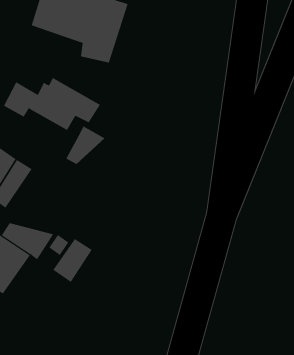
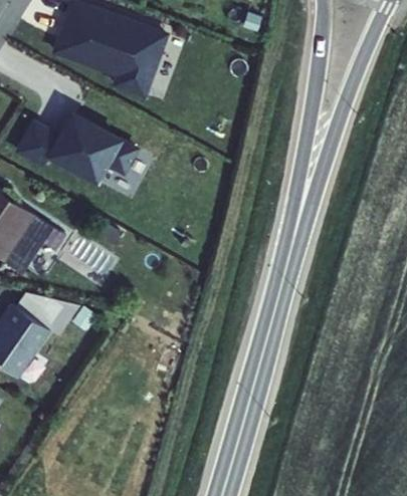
building: [65,125,106,165] -> none
building: [52,238,93,283] -> none

